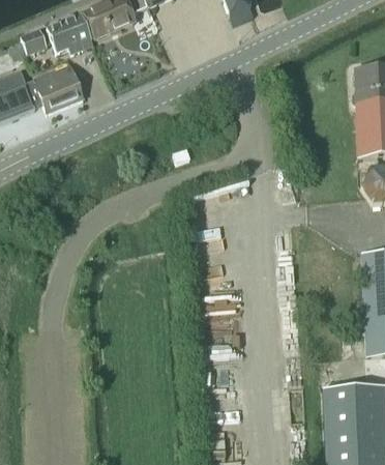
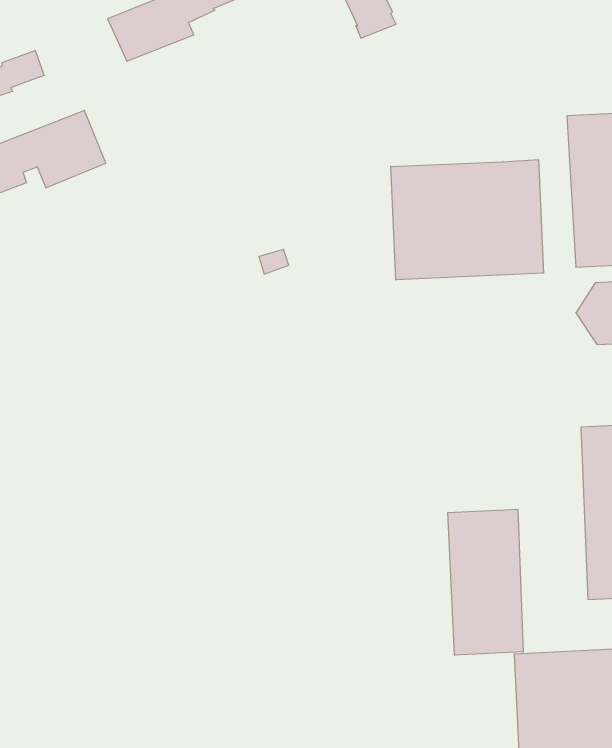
building: [47,13,90,52] -> none
building: none -> [391,160,544,280]
building: none -> [448,509,523,655]

